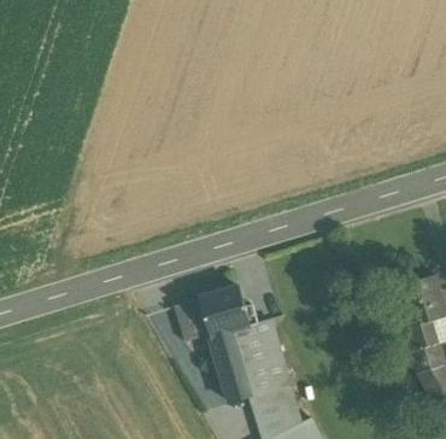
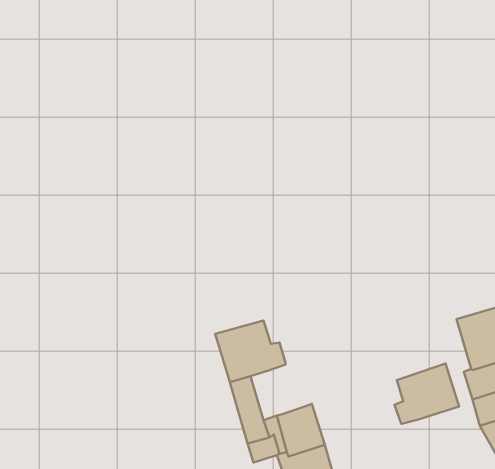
building: [175,299,211,343] -> none
building: [245,320,276,365] -> none
building: none -> [395,363,459,424]

